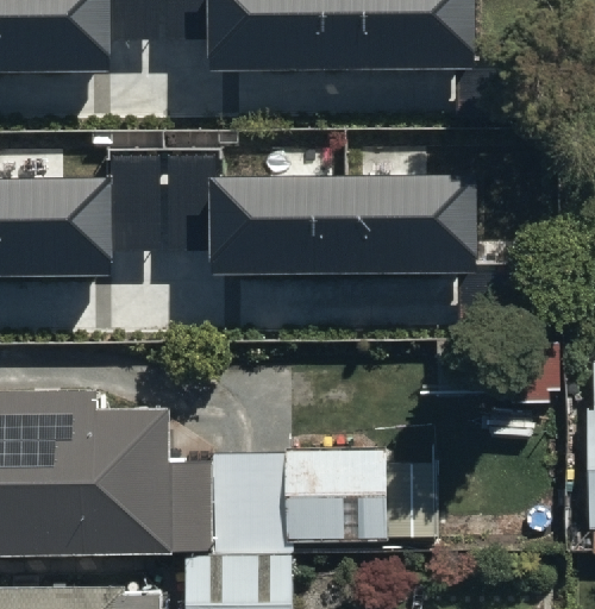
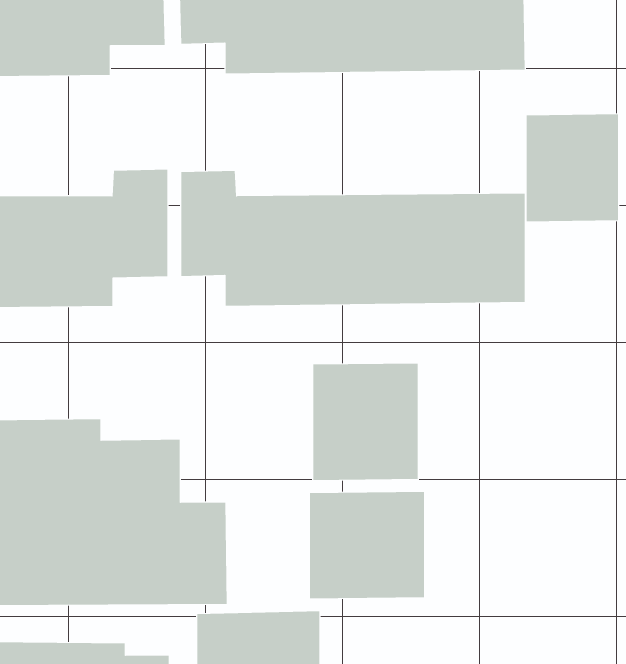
building: none -> [526,114,618,222]
building: none -> [313,363,418,481]

